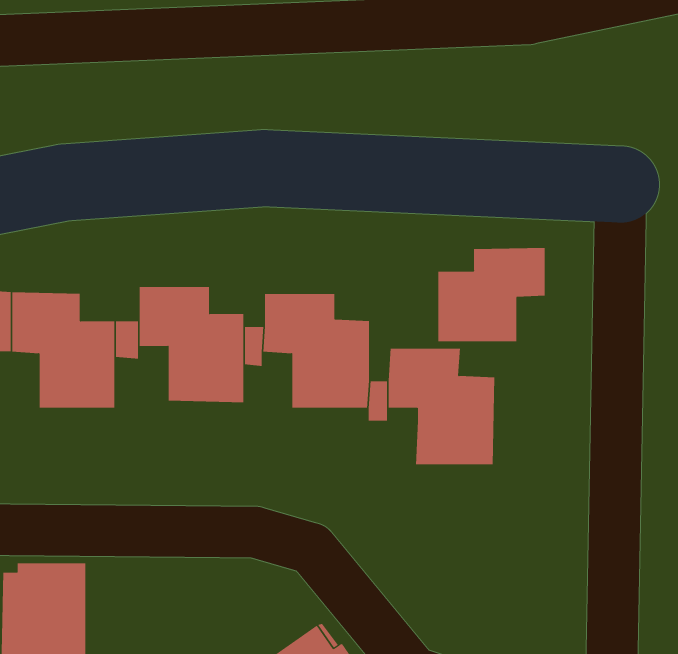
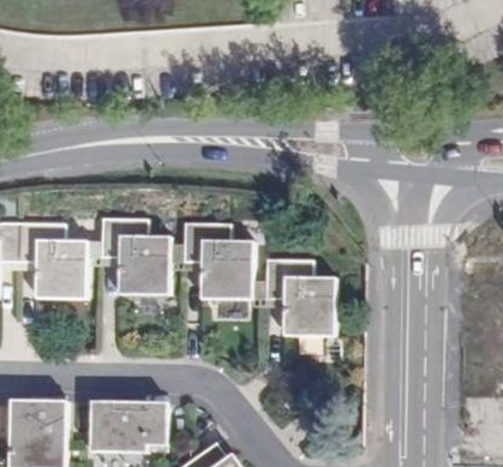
building: [438,247,545,342] -> none
building: none -> [90,400,168,453]

